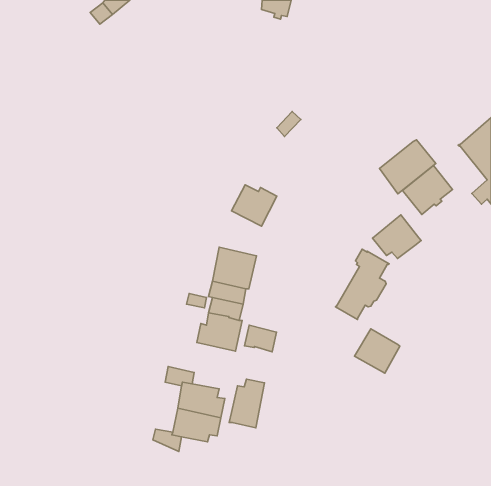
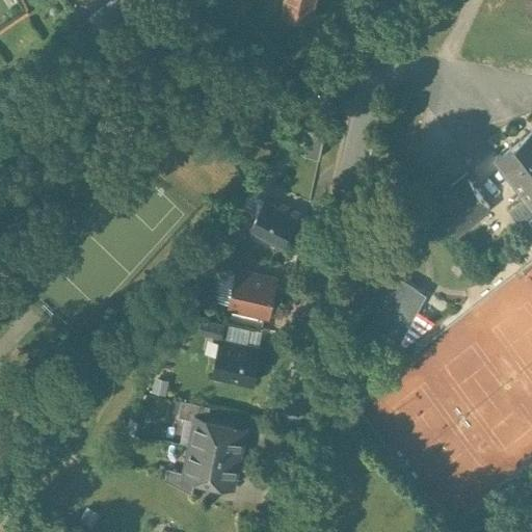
building: [379,140,436,194] -> none
building: [373,215,421,258] -> none
building: [245,325,277,352] -> none
building: [355,329,400,373] -> none
building: [229,379,264,428] -> none

